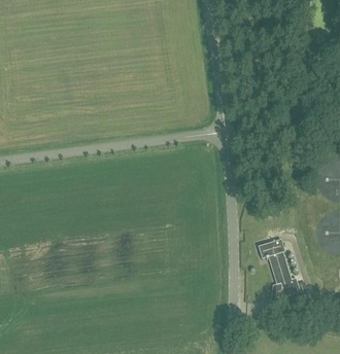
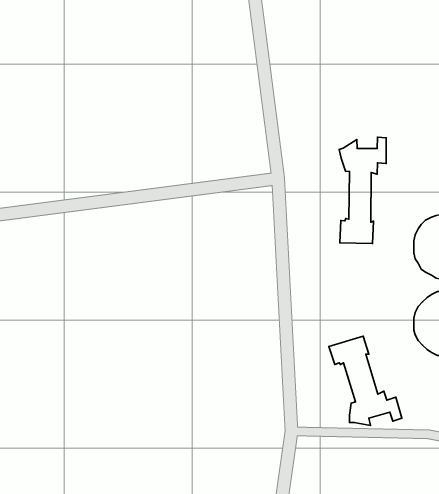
building: none -> [339,137,386,243]

